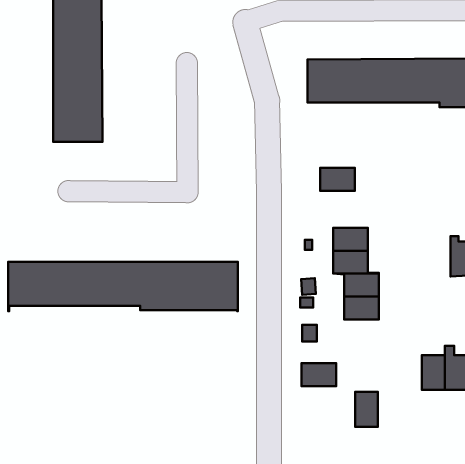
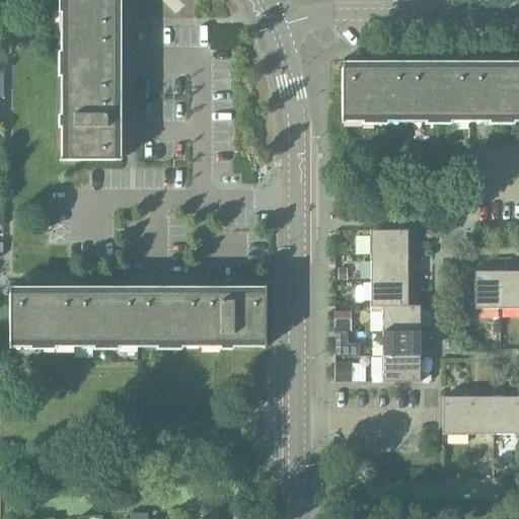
building: [320,168,355,191] -> [372,227,411,252]
building: none -> [476,262,502,306]
building: [302,363,336,386] -> [384,354,423,379]
building: [355,392,378,427] -> [445,393,470,432]

